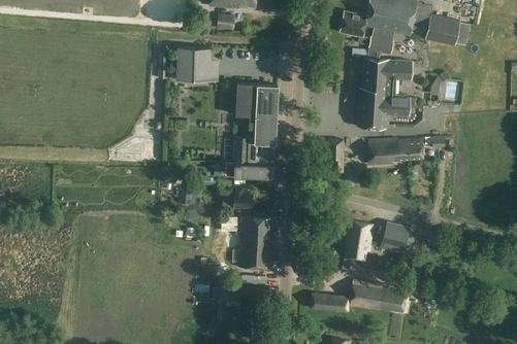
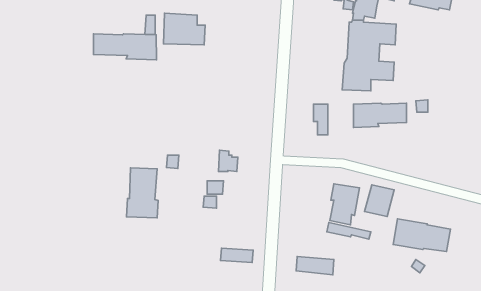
building: none -> [93,34,157,60]
building: [226,83,278,176] -> none
building: [238,217,270,268] -> [126,168,158,218]
building: [350,279,408,312] -> [393,219,451,251]

